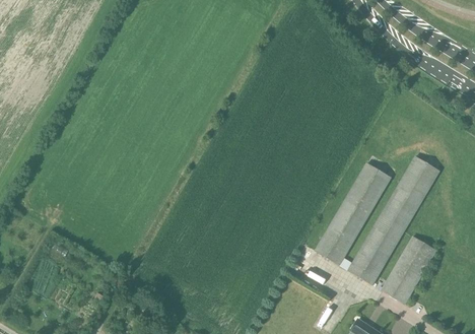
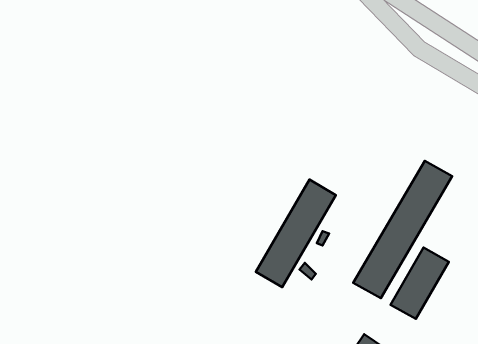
building: [315,165,389,265] -> [256,180,336,287]

